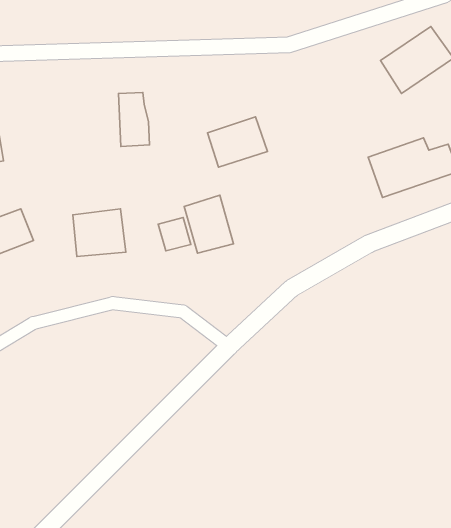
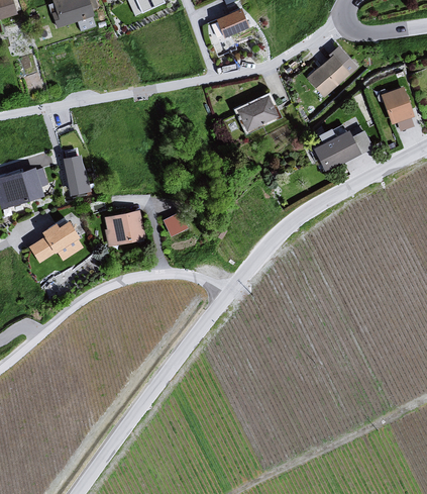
building: [119,93,150,146] -> [66,155,93,195]
building: [208,117,268,167] -> [235,93,280,132]
building: [184,195,234,253] -> none

